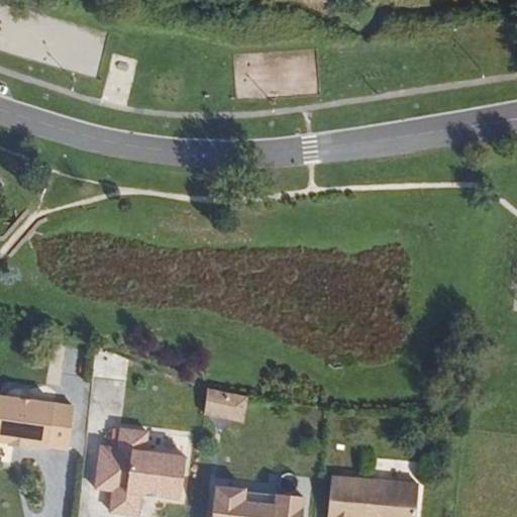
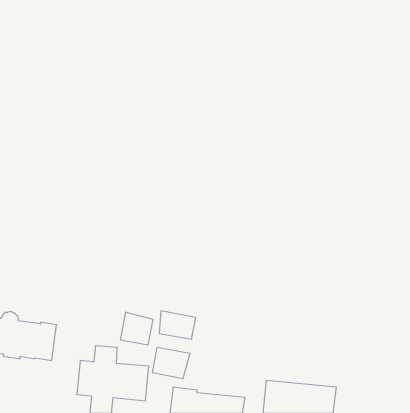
building: none -> [121,312,153,345]
building: none -> [153,347,190,379]

